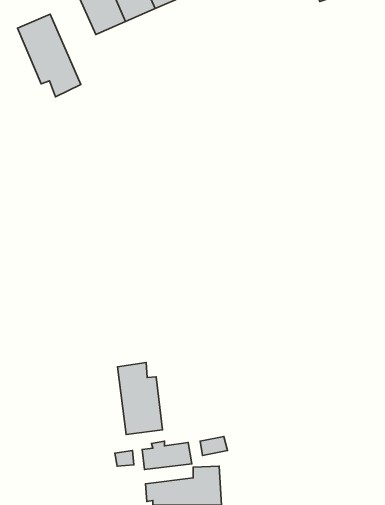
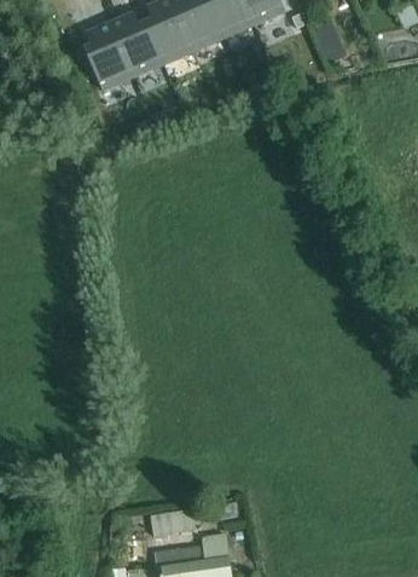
building: [17,14,81,97] -> none
building: [118,362,162,434] -> none

